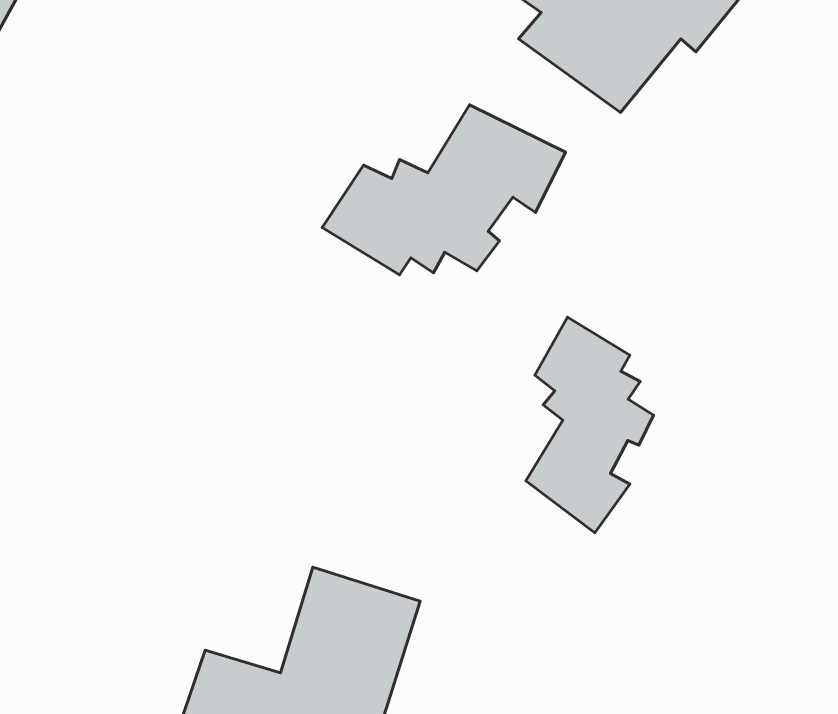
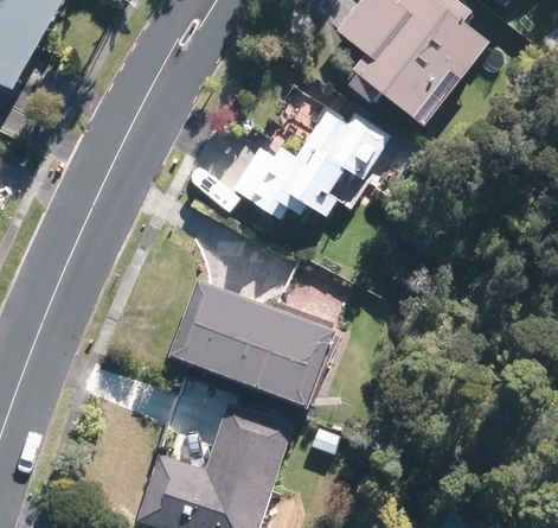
building: [526,317,654,533] -> none
building: none -> [168,279,340,408]

